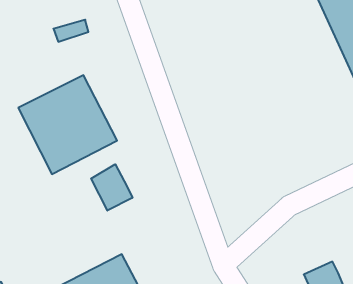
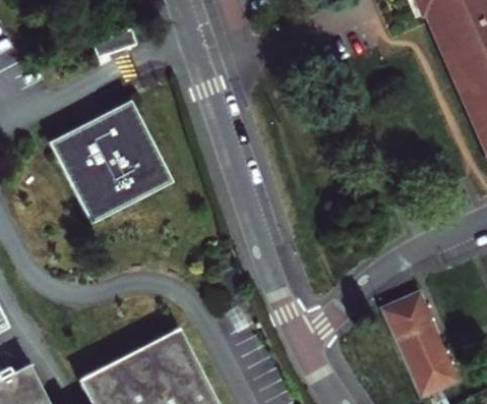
building: [91,164,132,211] -> none
building: none -> [384,294,439,353]

